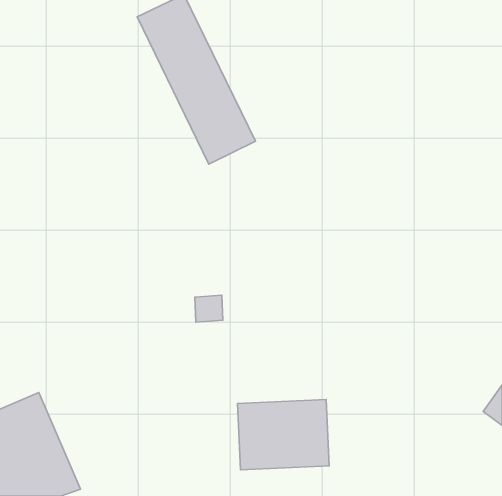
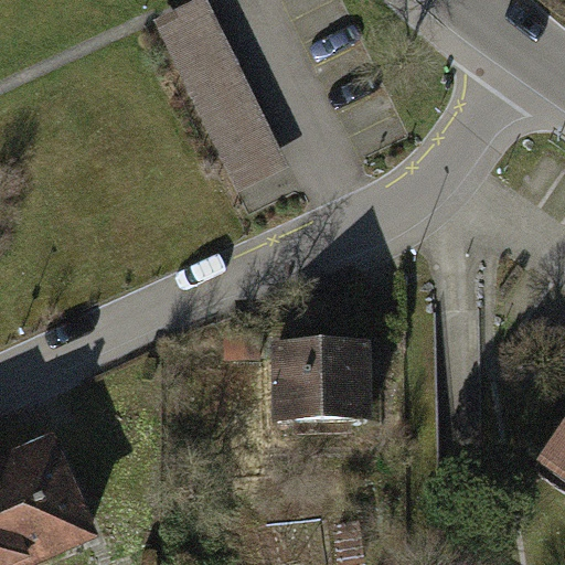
building: [238,399,329,470] -> [277,343,379,422]

